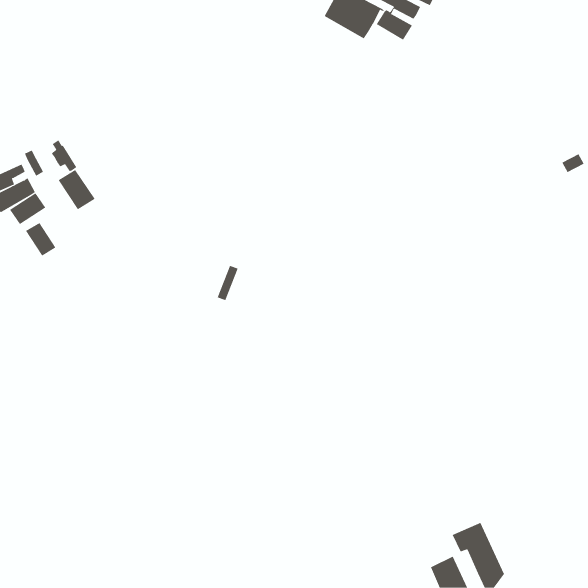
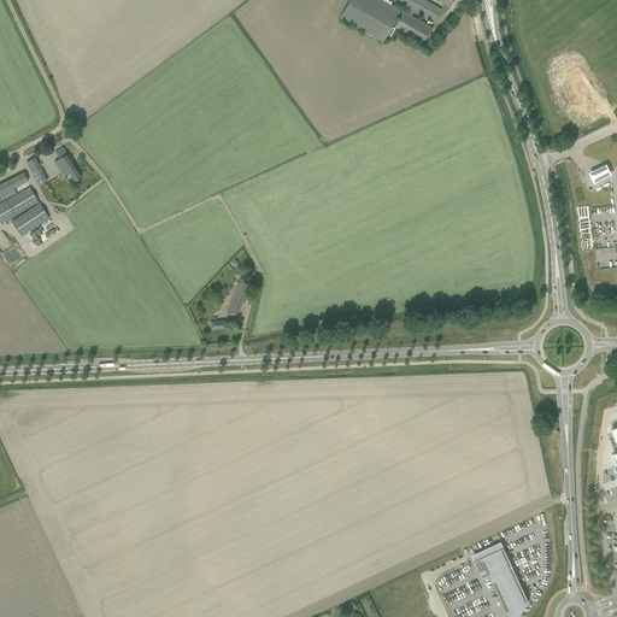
building: [58,169,95,210] -> none
building: [25,222,56,256] -> none

